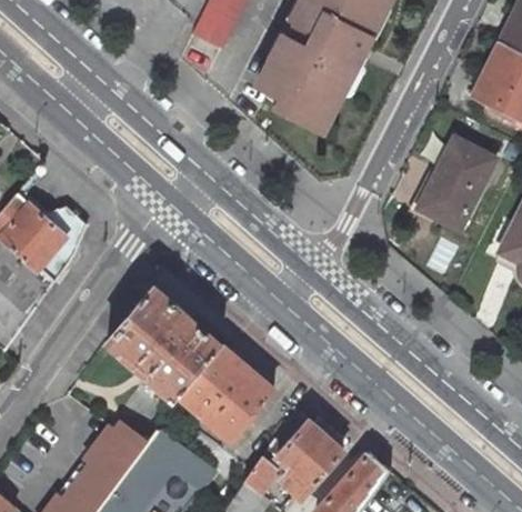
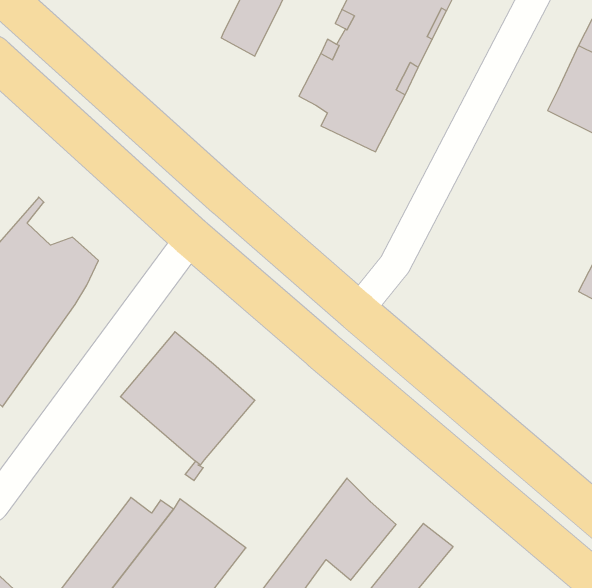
building: [416,138,493,229] -> none
building: [177,345,271,440] -> none

